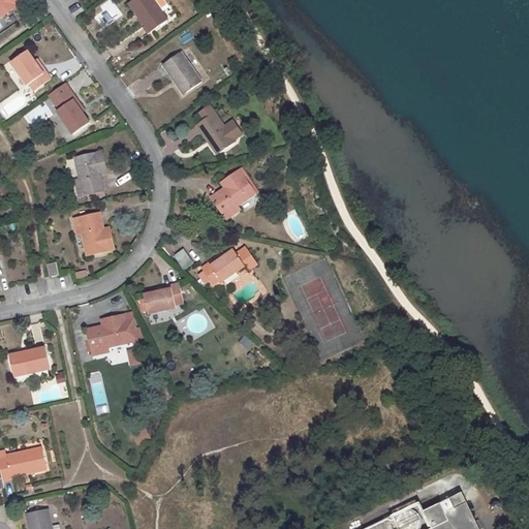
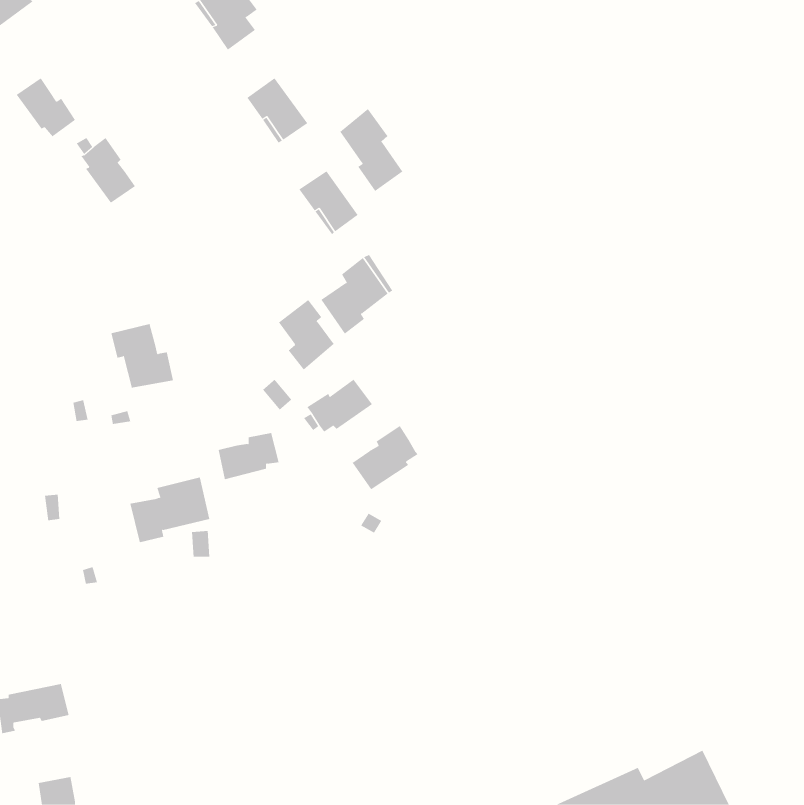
building: none -> [340,108,403,192]
building: [73,151,105,196] -> none
building: none -> [278,299,335,370]
building: none -> [352,425,419,490]
building: [9,346,49,376] -> none

